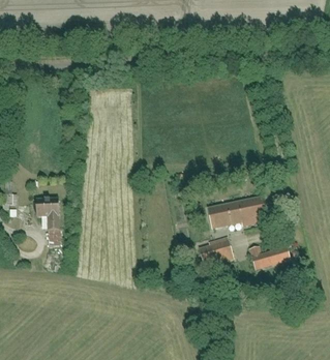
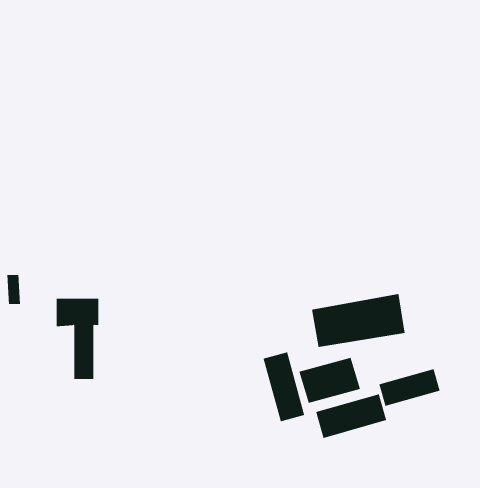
building: none -> [263,351,305,422]
building: none -> [315,393,387,439]

